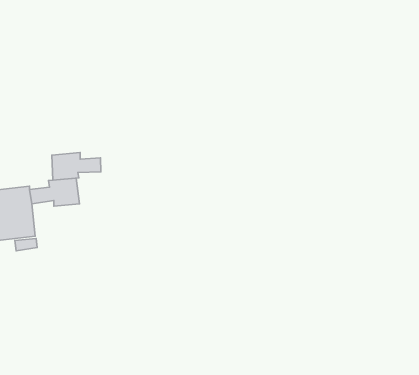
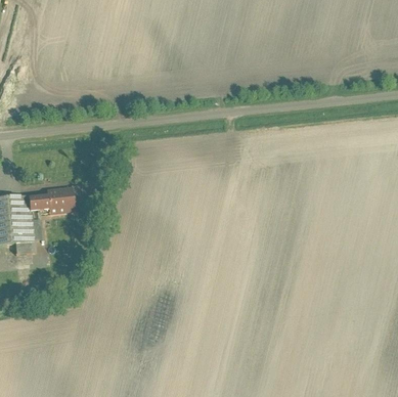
building: [52,153,101,180] -> none

